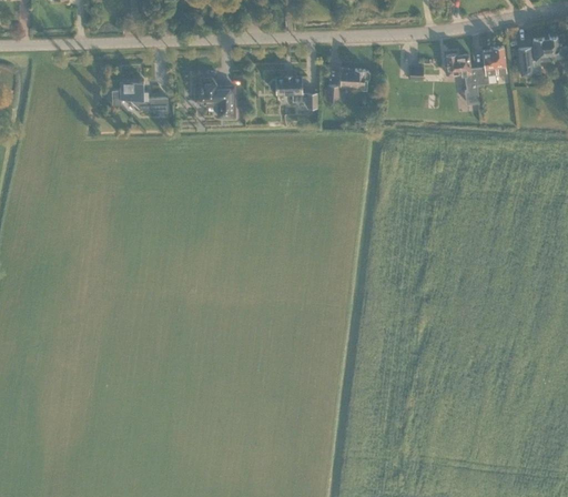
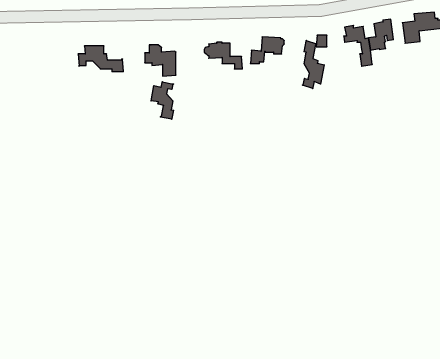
building: none -> [302,40,324,89]
building: none -> [151,82,174,119]

